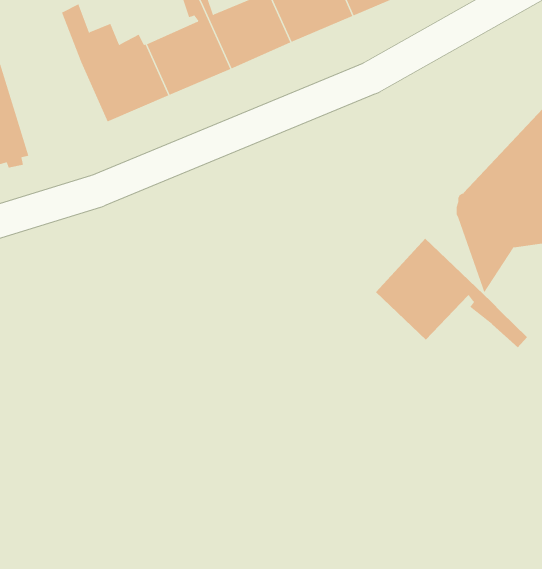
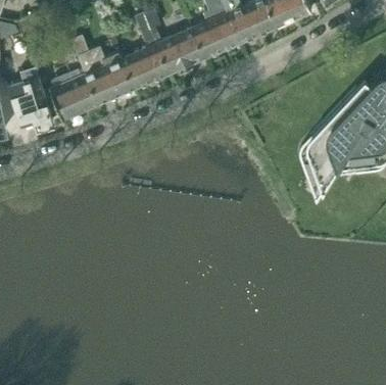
building: none -> [49,68,98,119]
building: [375,238,528,348] -> none

